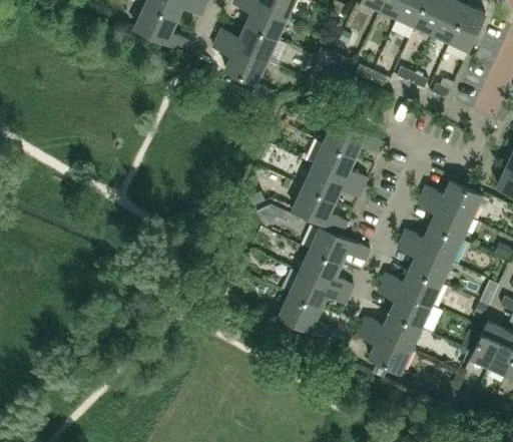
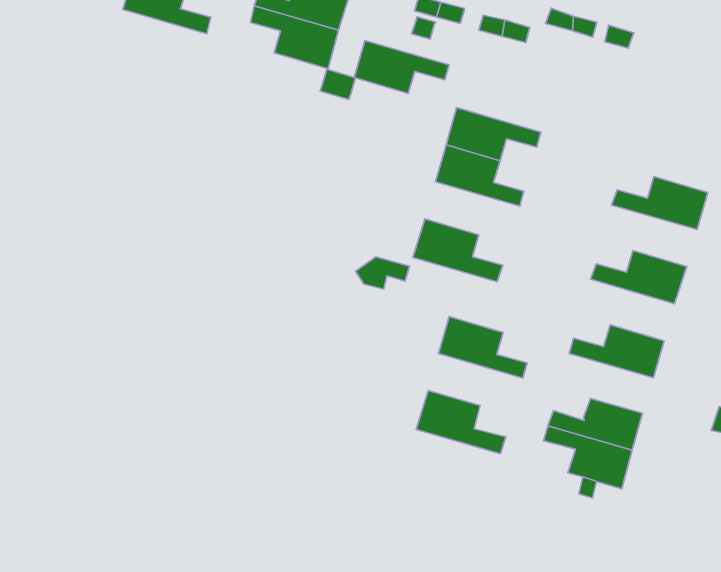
building: [304,164,364,201] -> [354,40,449,93]
building: [417,195,472,241] -> none
building: [310,228,370,265] -> none
building: [397,240,451,285] -> none
building: [281,268,350,308] -> none
building: [377,284,431,328] -> none

